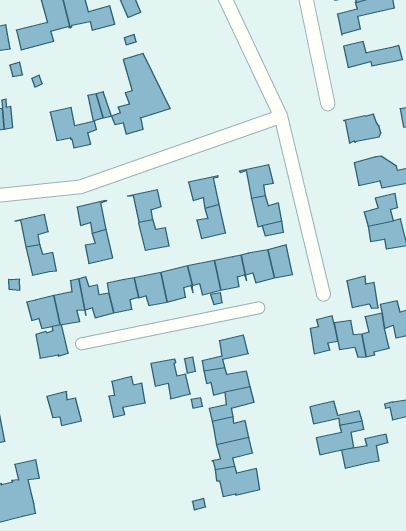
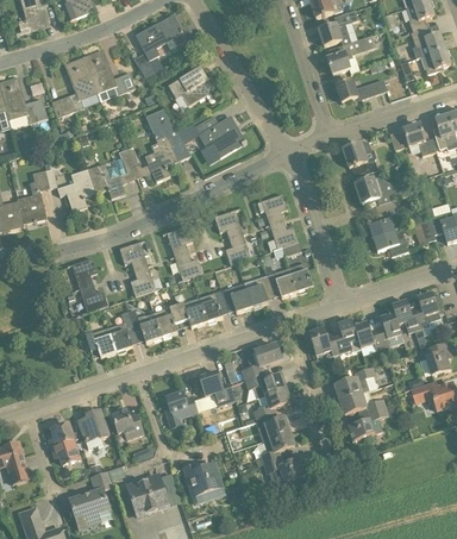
building: none -> [167,65,213,106]
building: none -> [194,114,246,157]
building: none -> [56,169,95,211]
building: [347,276,378,308] -> [308,327,338,356]
building: [36,325,68,358] -> [79,410,108,441]
building: [342,434,388,468] -> [334,366,374,400]
building: none -> [183,463,221,496]
building: none -> [126,476,176,516]

